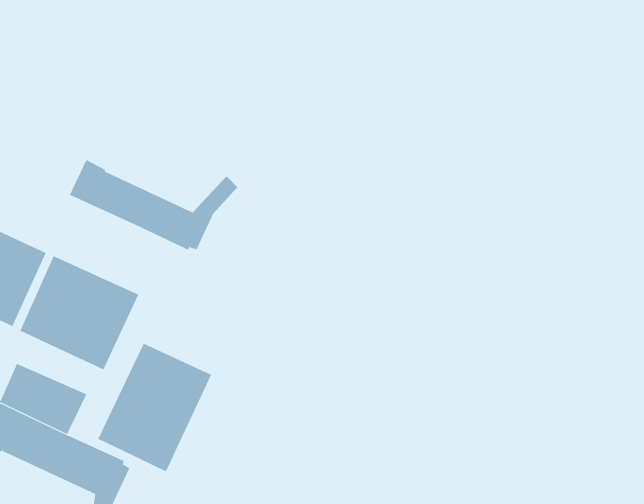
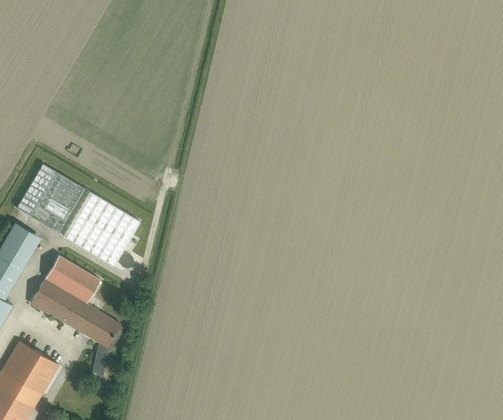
building: [69,159,238,250] -> none
building: [97,343,212,472] -> none

